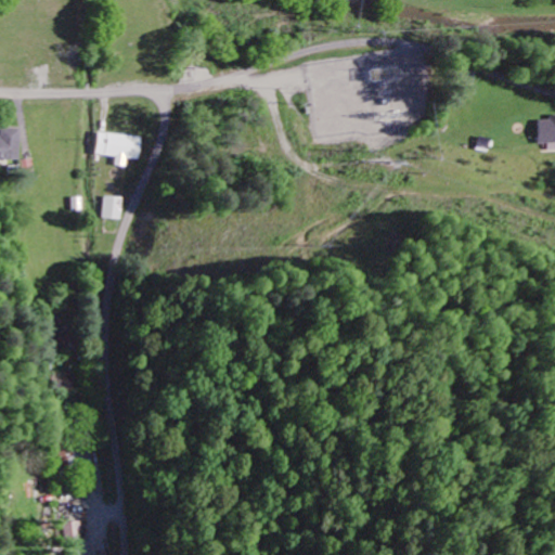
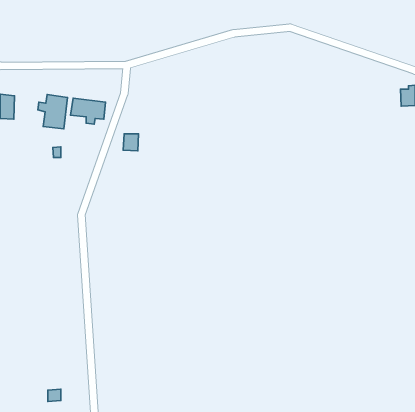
building: none -> [38,95,68,129]
building: [103,196,124,219] -> [123,134,139,151]

